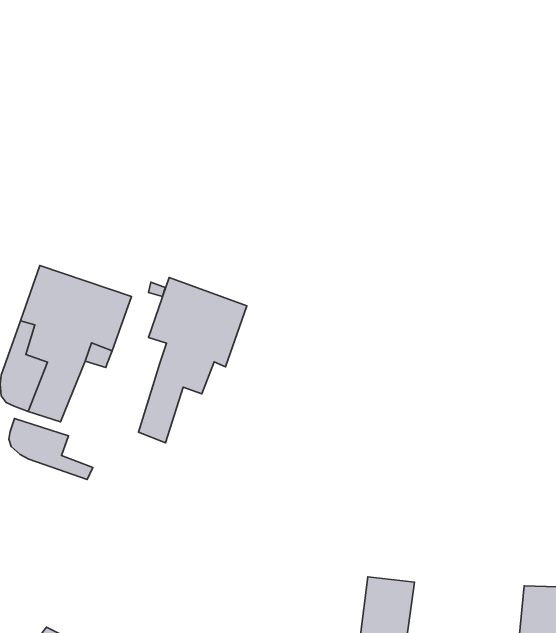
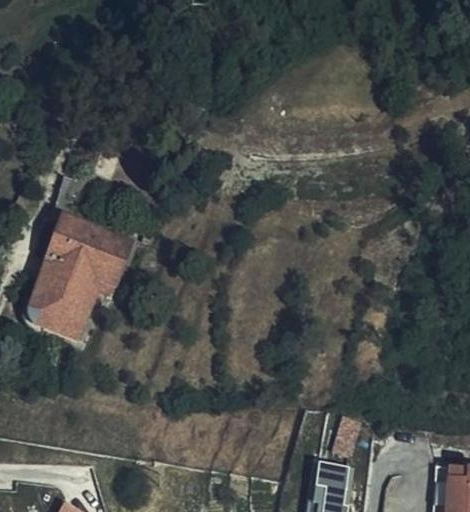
building: [139,277,247,443] -> none
building: [9,419,93,480] -> none

